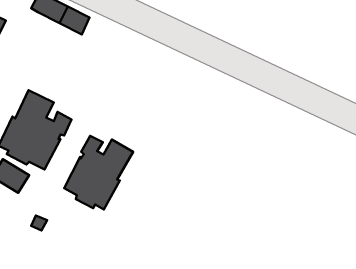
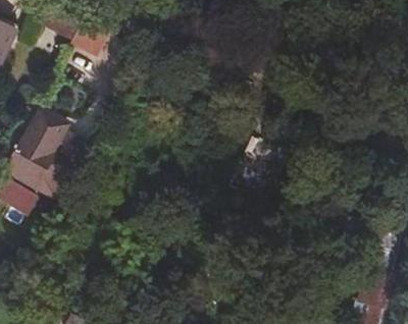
building: [64,136,133,210] -> none

